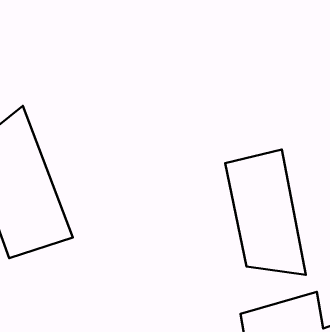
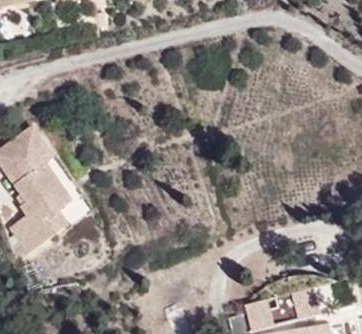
building: [225,150,306,275] -> none

